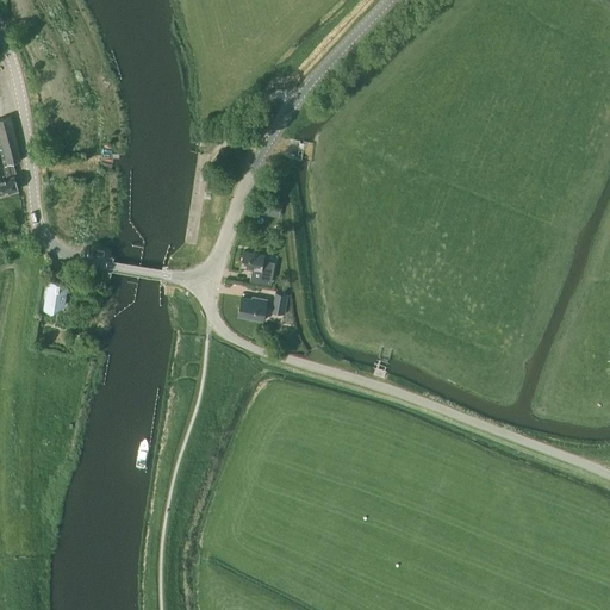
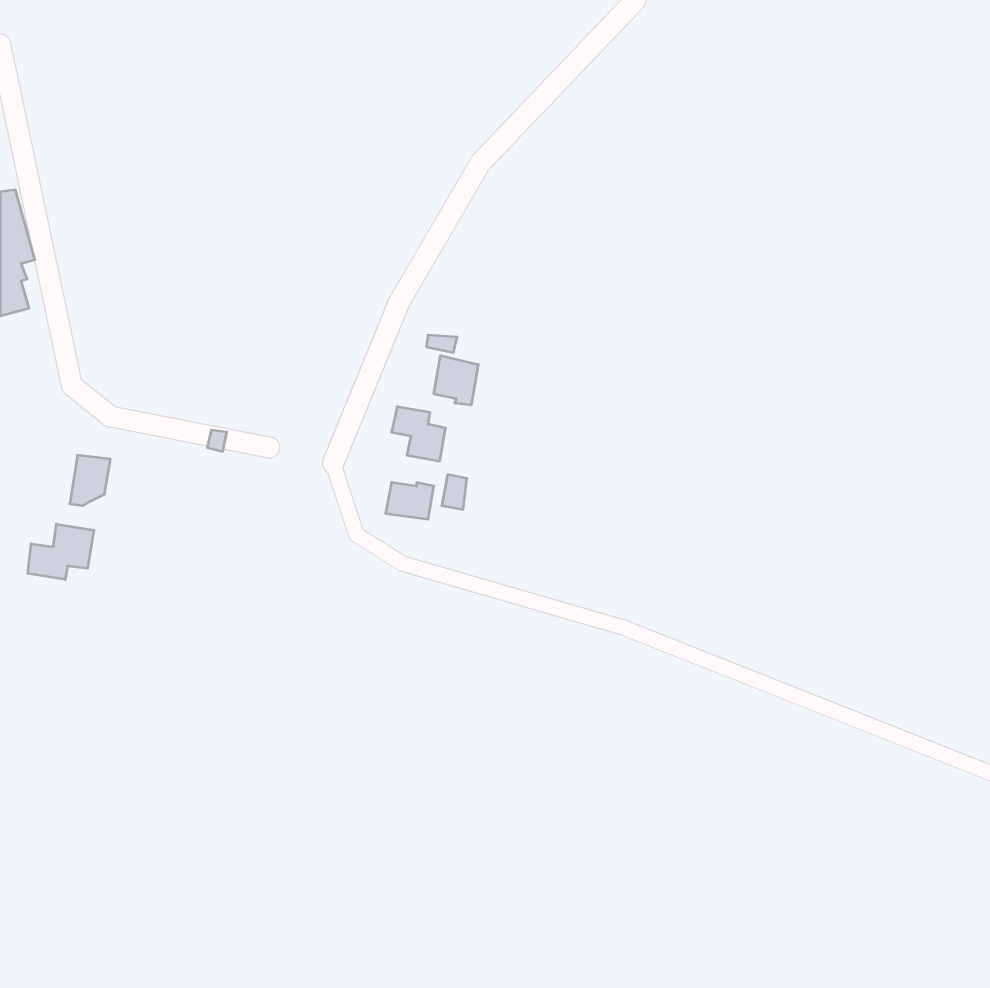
building: none -> [434,356,478,405]
building: none -> [28,524,94,580]

